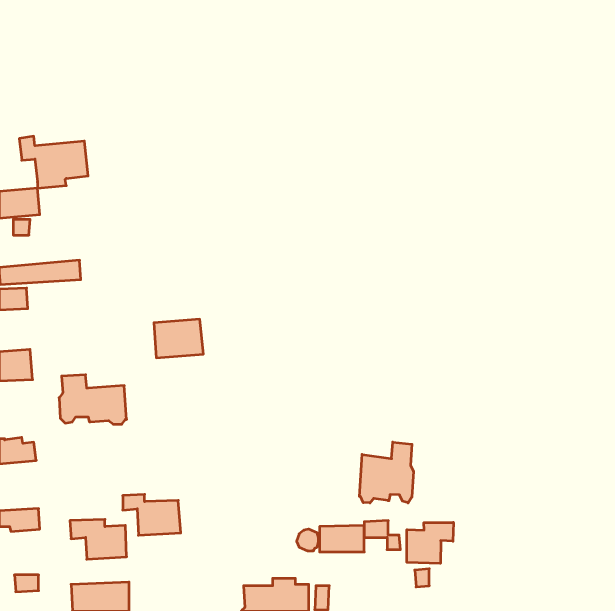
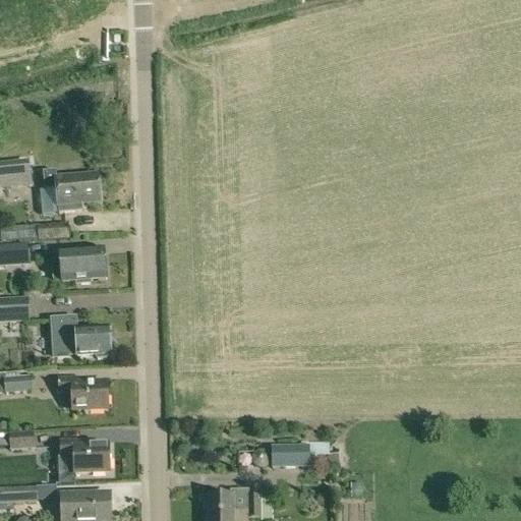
building: [19,136,88,188] -> [42,167,100,211]
building: [154,319,203,358] -> [61,247,103,280]
building: [359,442,413,503] -> none
building: [123,494,181,535] -> [58,375,107,410]
building: [407,522,453,563] -> none

